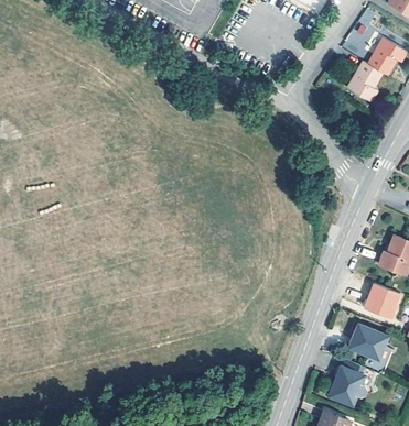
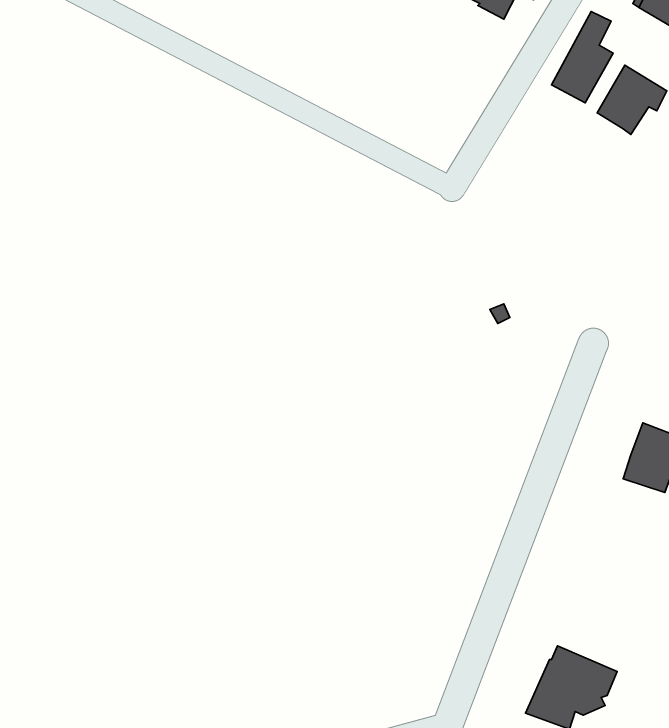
building: [346,62,381,102] -> none
building: [364,284,399,318] -> none
building: [347,324,387,359] -> none

